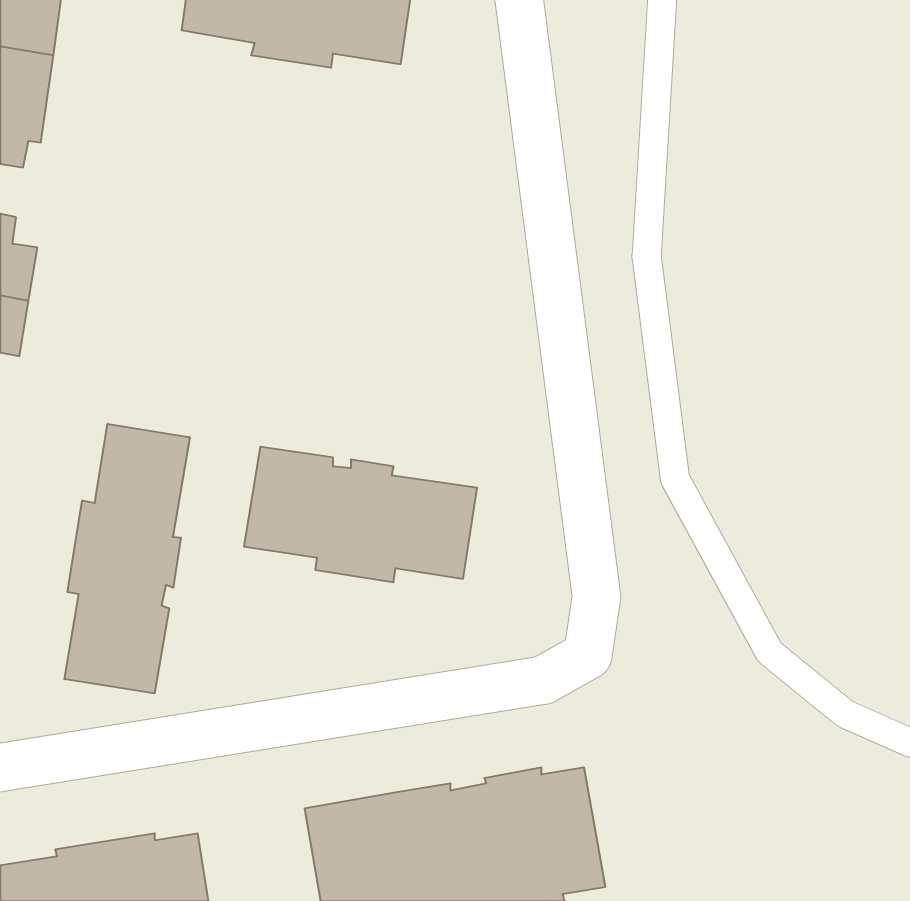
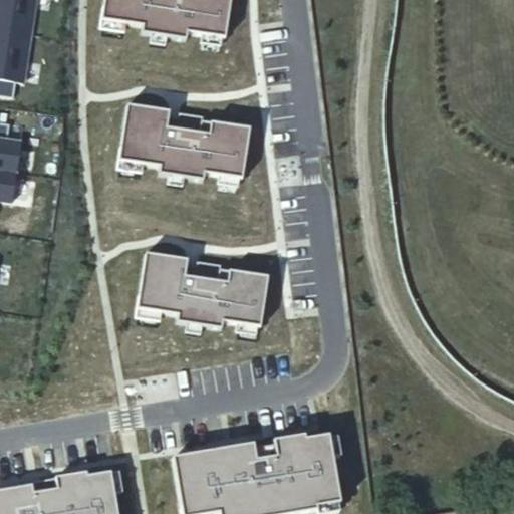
building: none -> [119,102,251,179]
building: [64,424,190,693] -> none

